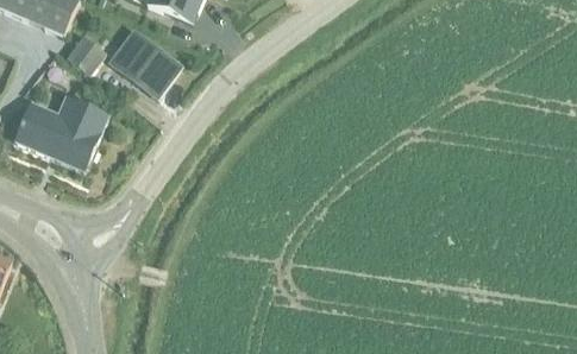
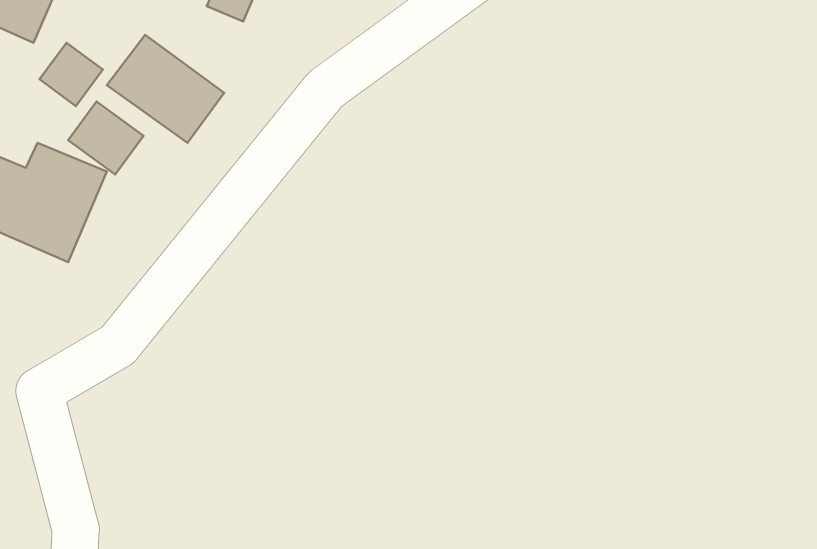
building: none -> [68,102,143,175]

